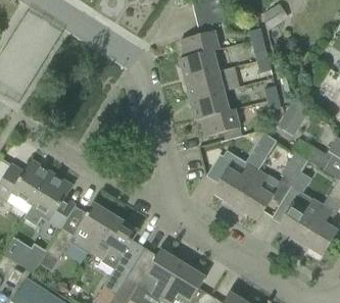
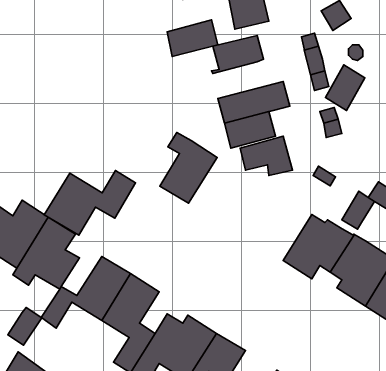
building: [180,51,220,80] -> [167,20,218,57]
building: [277,100,307,136] -> [326,65,365,110]
building: none -> [44,170,136,235]
building: [212,151,257,206] -> [160,133,217,203]

